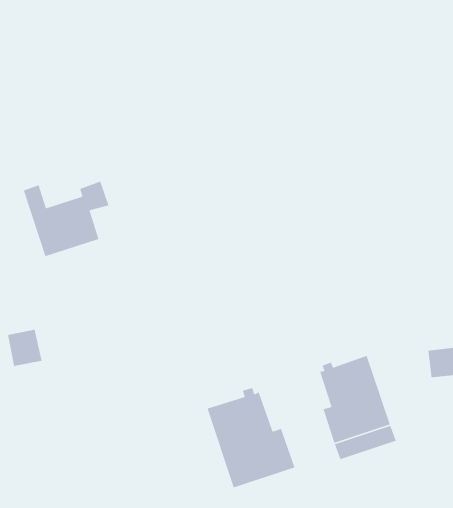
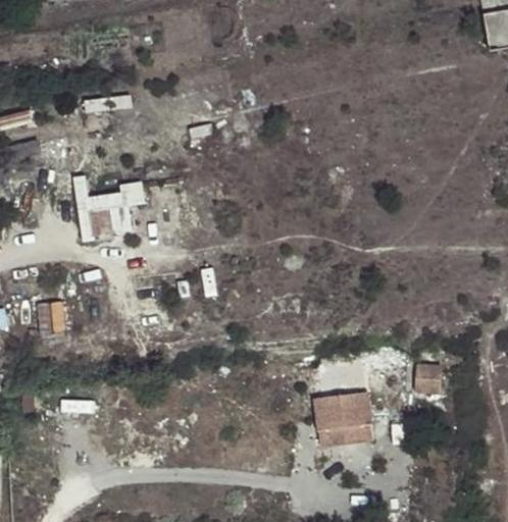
building: [206,387,295,489] -> none

